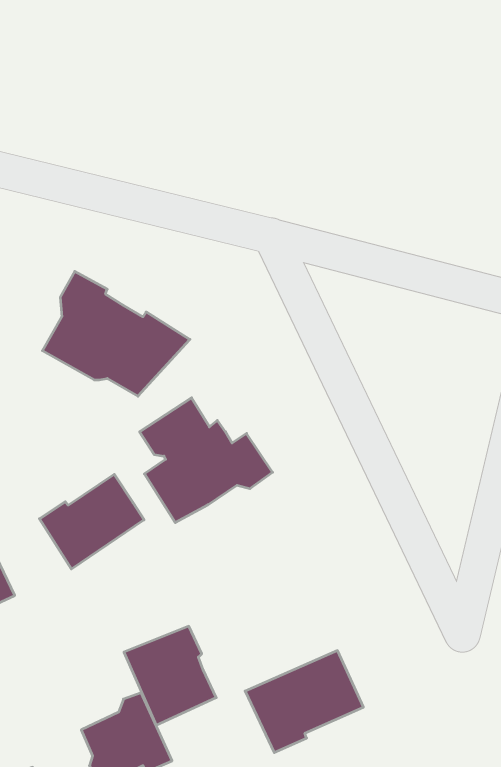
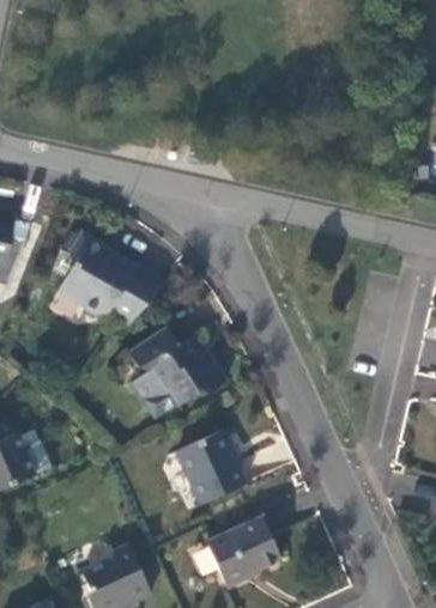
building: [39,474,144,569] -> none
building: [124,626,216,725] -> [178,432,247,505]

